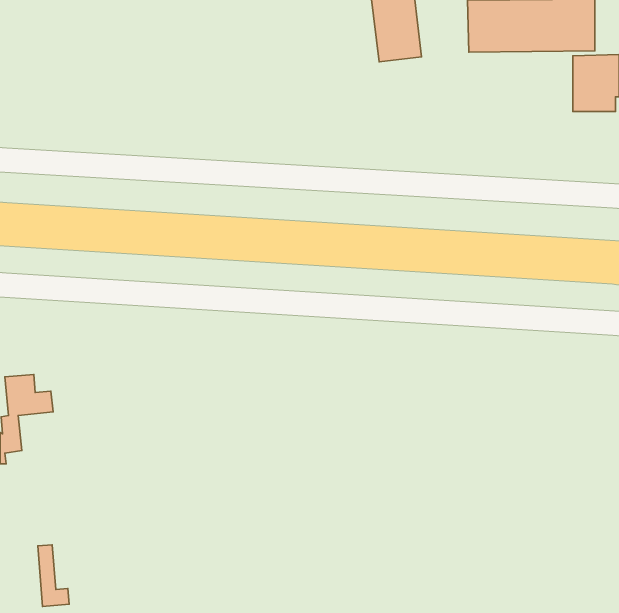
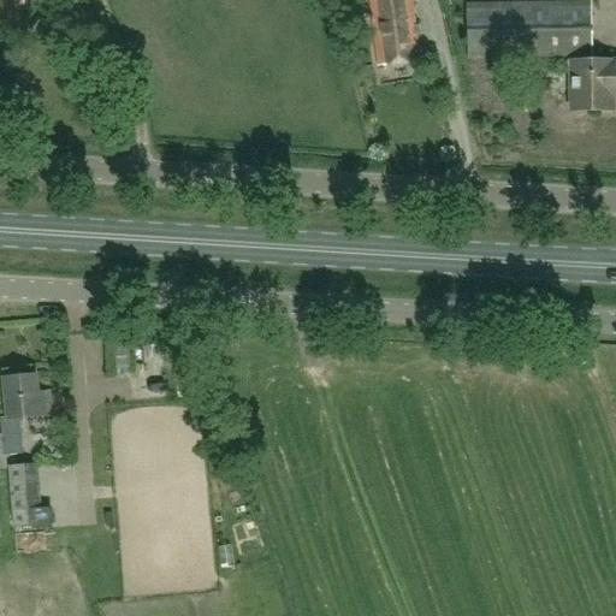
building: [38,545,69,607] -> [10,461,41,522]

